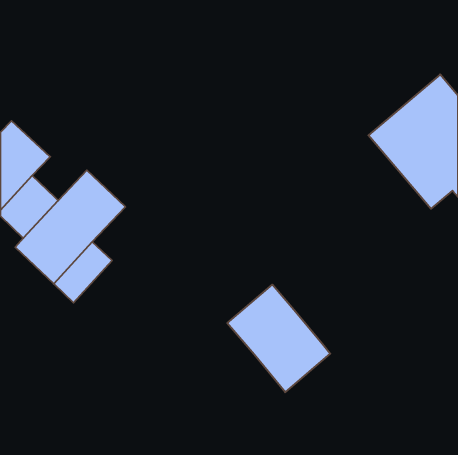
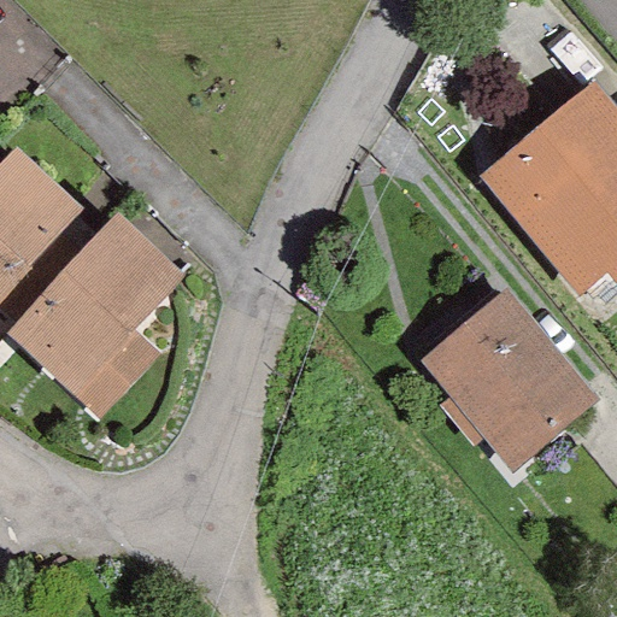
building: none -> [435,302,584,457]
building: [227,285,330,392] -> none

